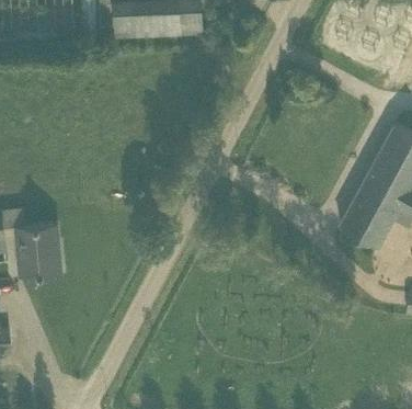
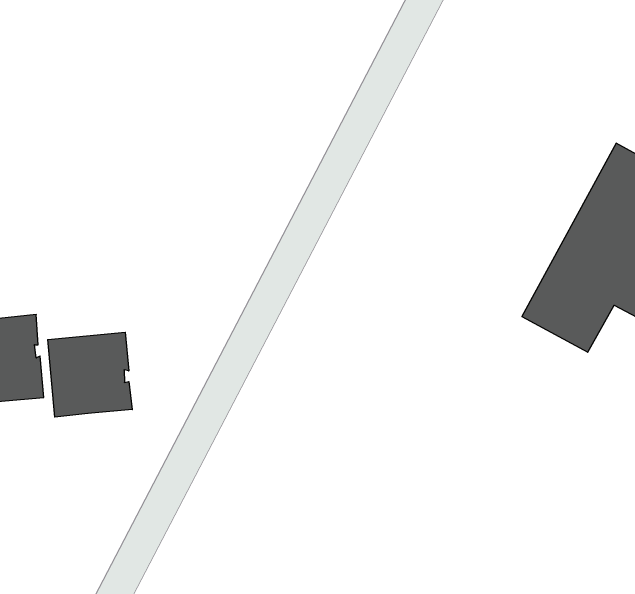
building: none -> [48,332,132,417]

